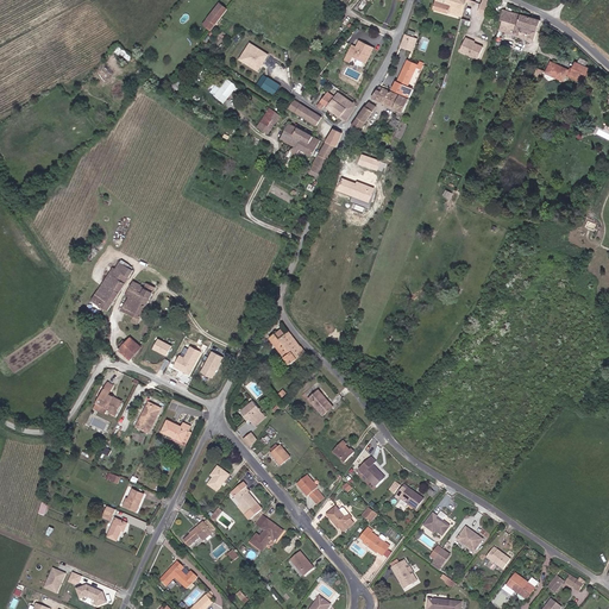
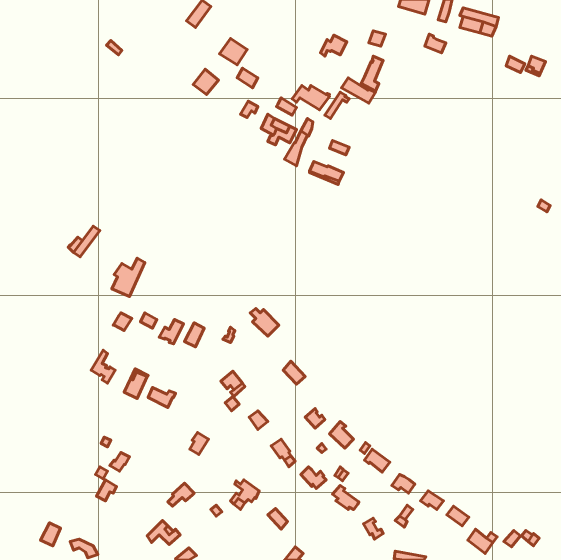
building: [90,264,132,313] -> none
building: [233,481,262,521] -> none

